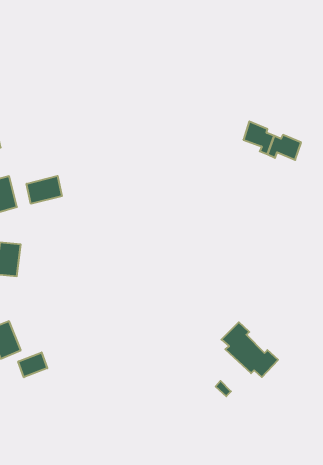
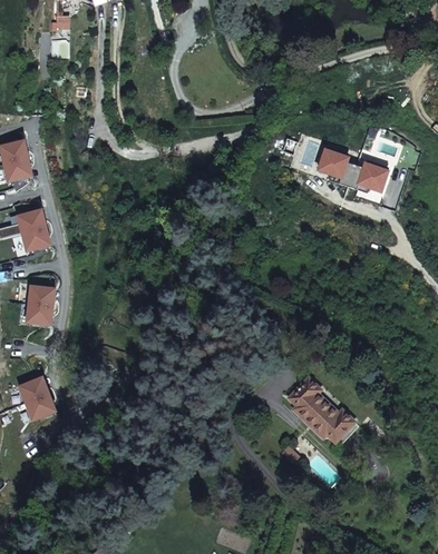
building: [27,176,62,204] -> none
building: [18,352,47,377] -> none

